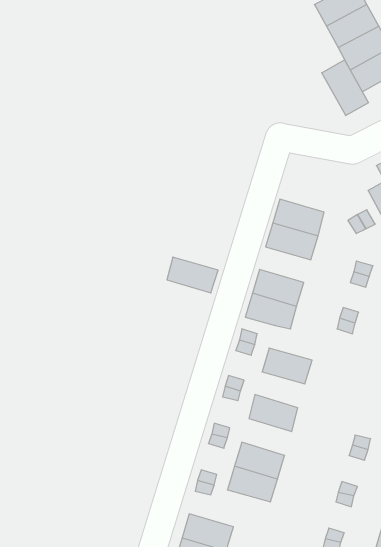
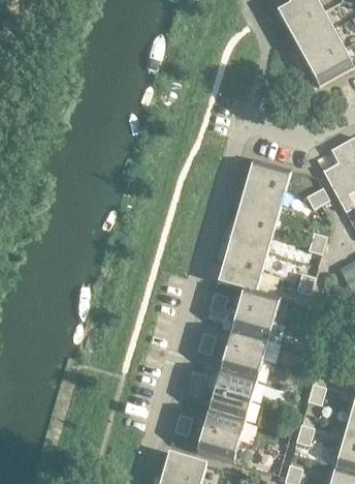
building: [322,60,368,116] -> none
building: none -> [247,157,291,189]
building: [167,257,218,293] -> [229,219,273,250]
building: none -> [237,288,281,317]
building: none -> [225,328,268,359]
building: none -> [214,368,257,400]
building: none -> [196,430,238,461]

